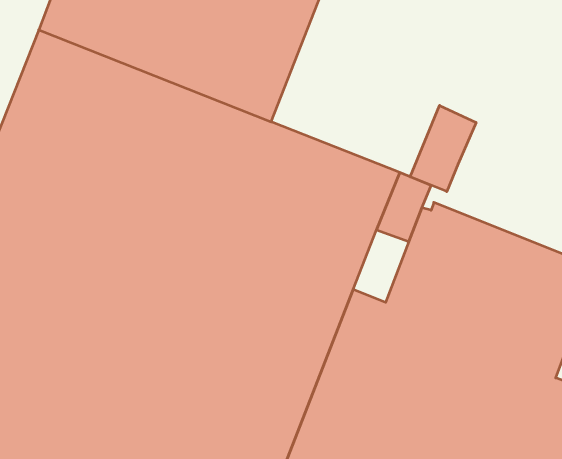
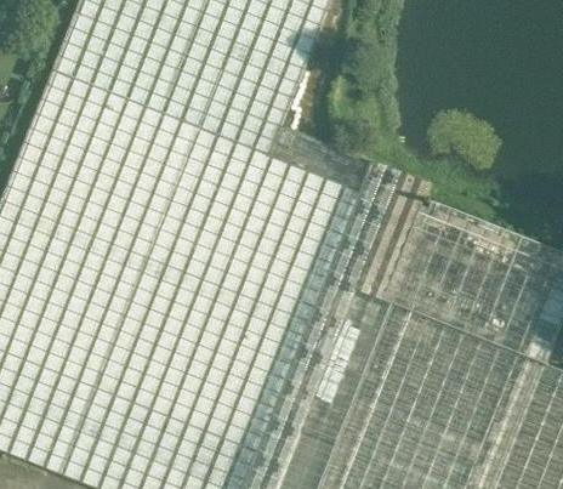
building: [410,105,476,192] -> none
building: none -> [359,227,411,295]

